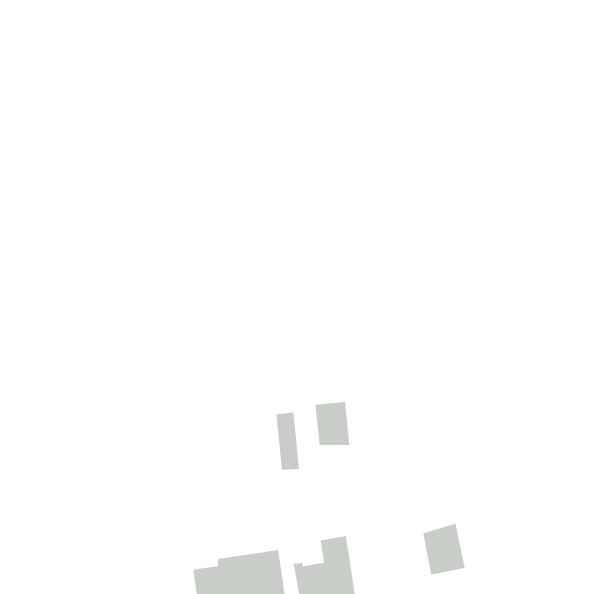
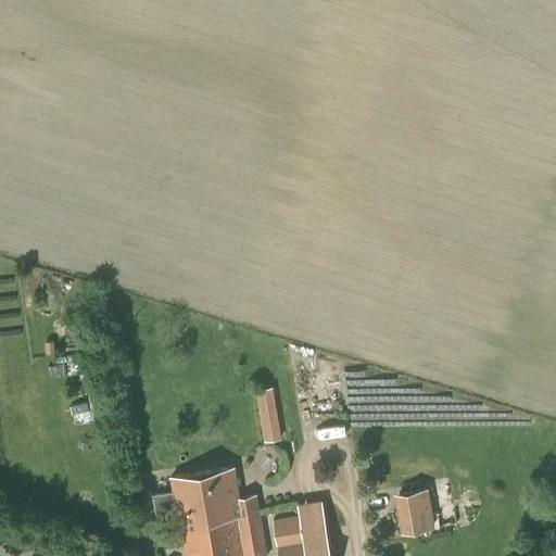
building: [315,401,350,446] -> none
building: none -> [154,467,260,532]

